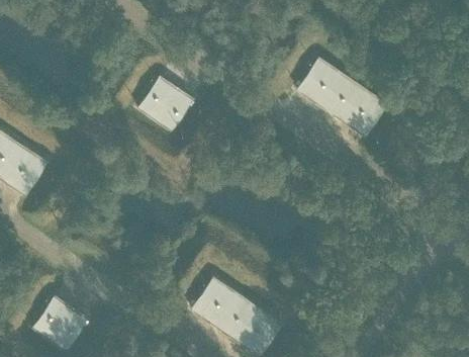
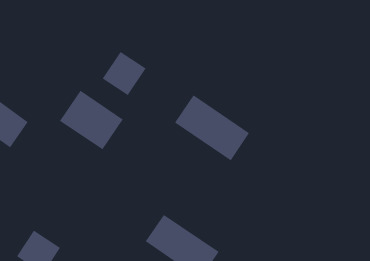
building: [296,56,389,138] -> [174,95,250,161]
building: none -> [59,90,123,150]

